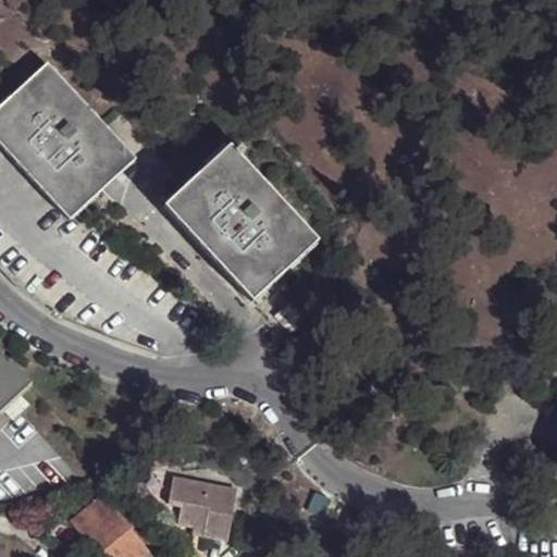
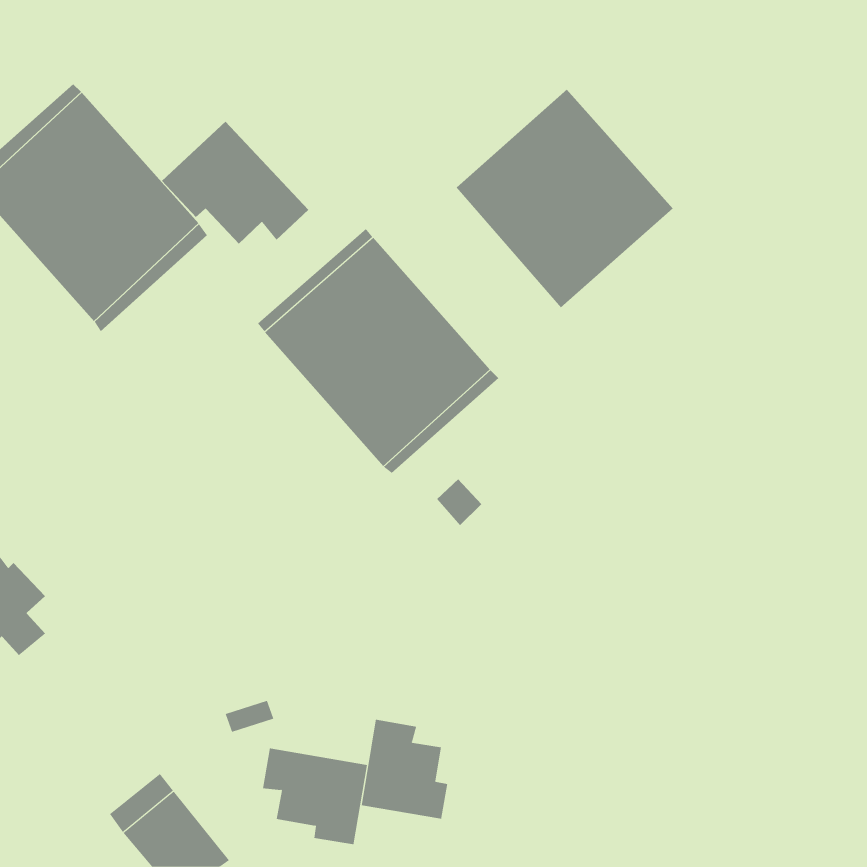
building: none -> [456,89,674,308]
building: none -> [161,121,309,245]
building: none -> [361,719,448,819]

